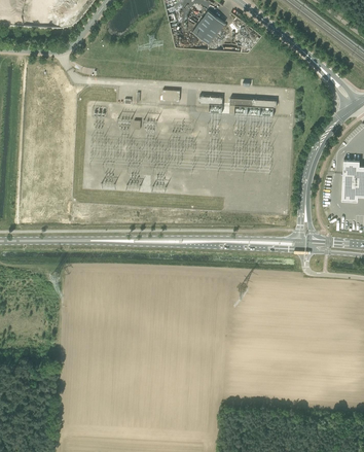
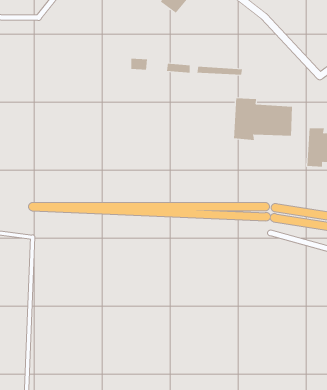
building: none -> [234,97,292,141]

